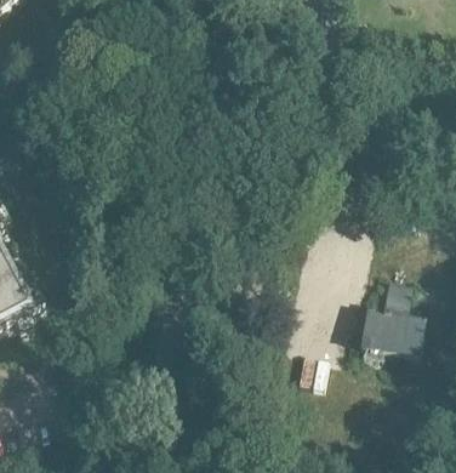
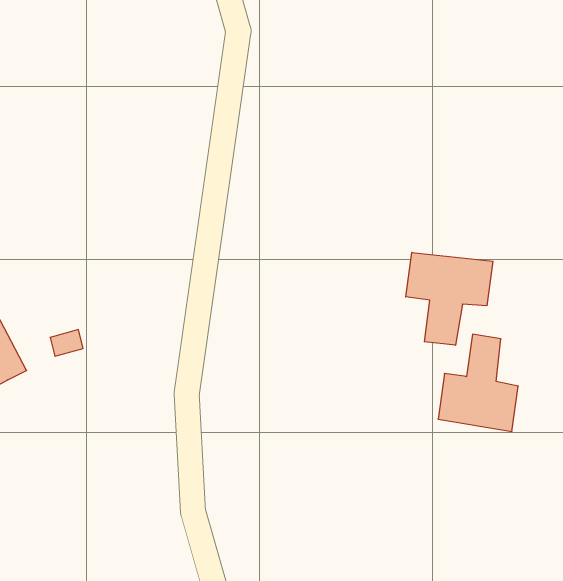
building: none -> [406,252,493,345]

